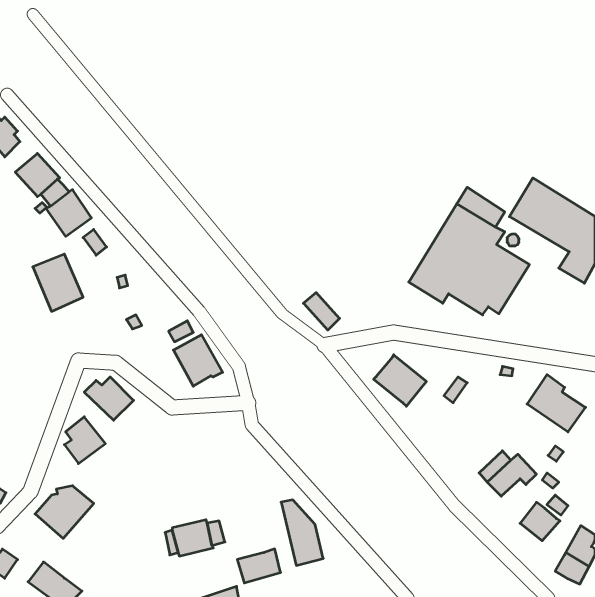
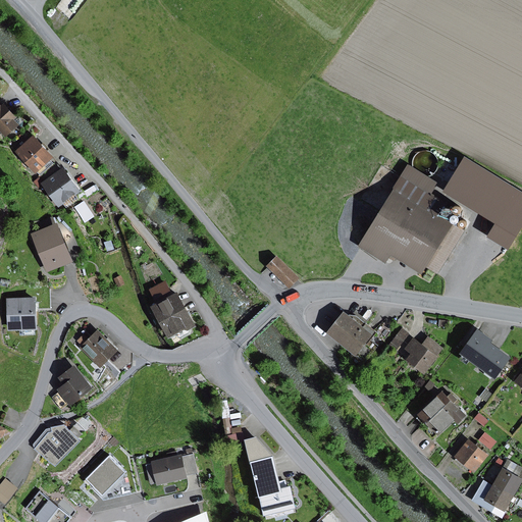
building: none -> [5,296,36,329]
building: none -> [402,336,441,374]
building: none -> [85,455,124,494]
building: [237,549,281,583] -> [258,484,296,514]

